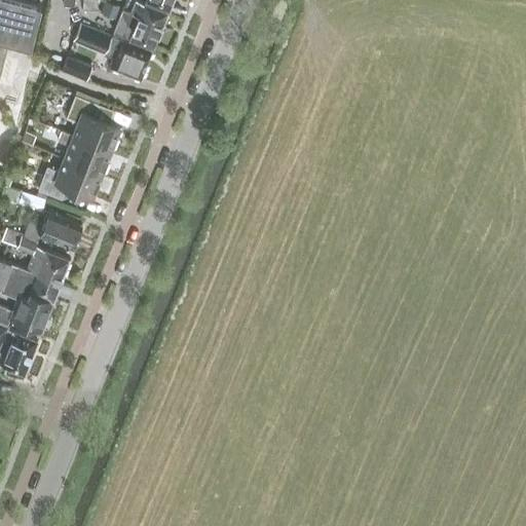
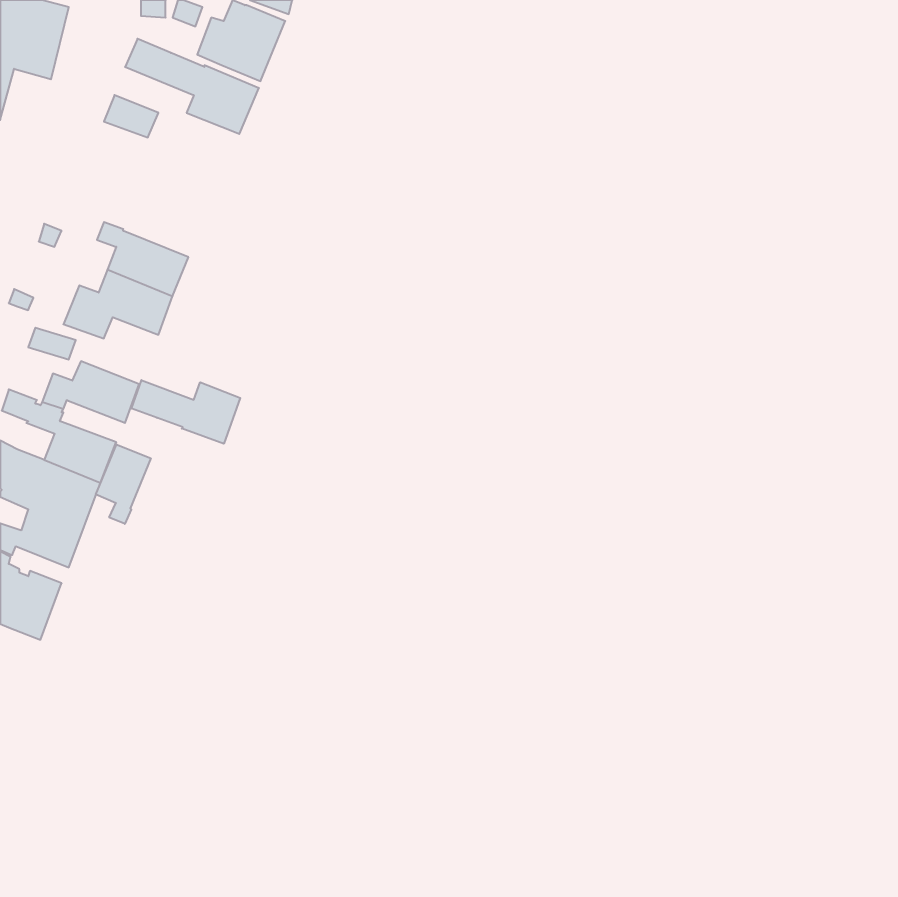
building: [67,97,120,152] -> none
building: none -> [131,380,240,444]
building: none -> [96,444,151,524]

